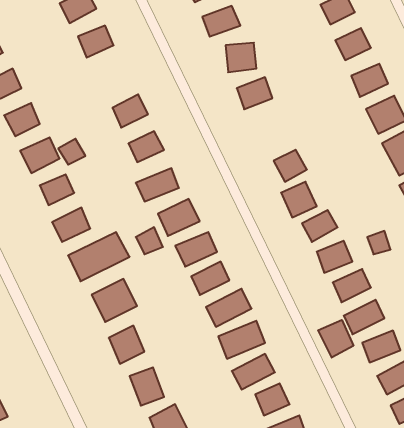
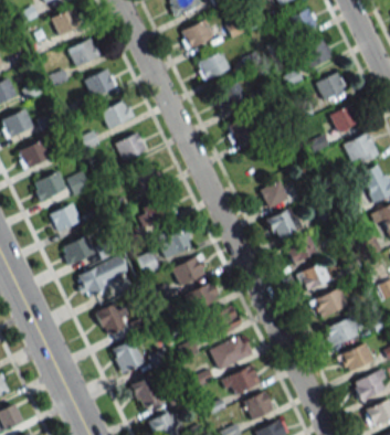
building: none -> [99,99,134,129]
building: [318,320,353,358] -> none

